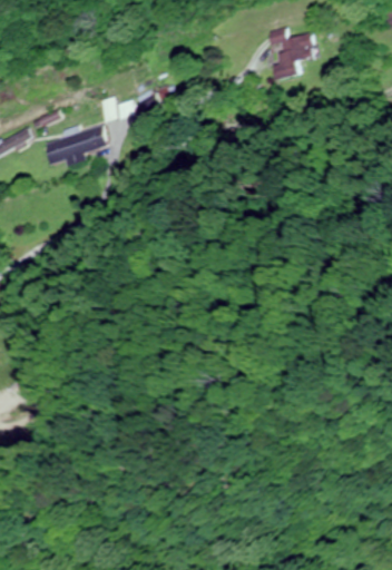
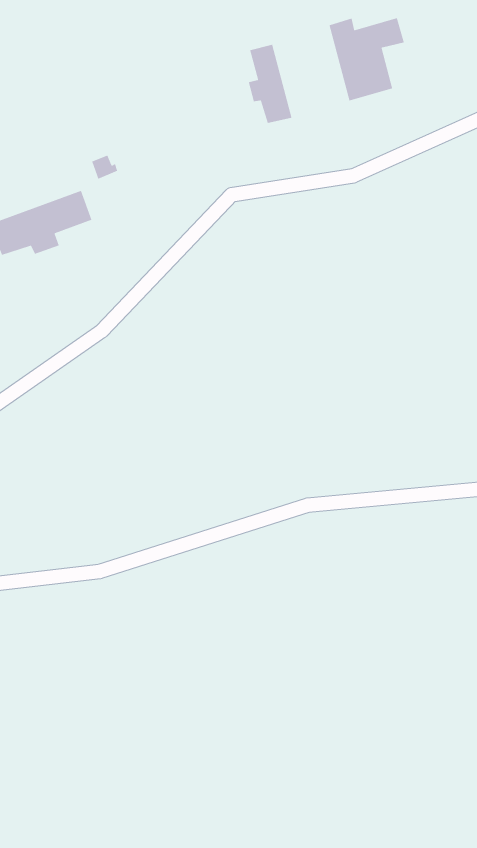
building: none -> [248,44,293,124]

